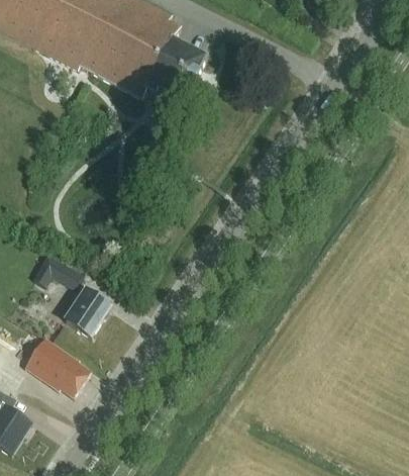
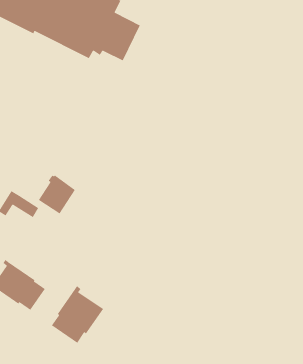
building: [64,289,109,337] -> [38,175,76,215]
building: none -> [51,285,104,344]

